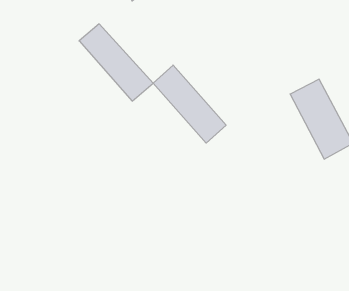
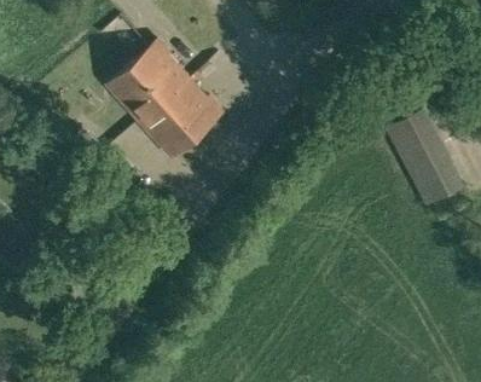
building: [153,65,226,143] -> [106,62,195,156]

